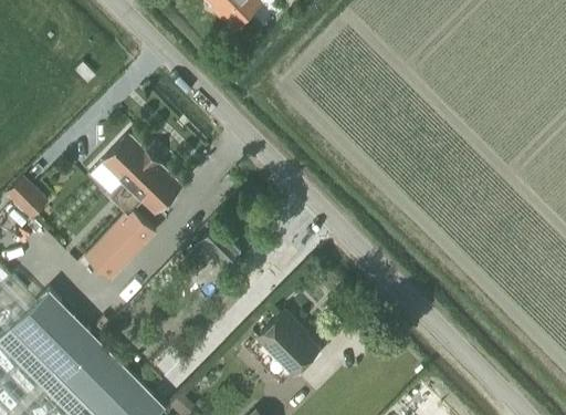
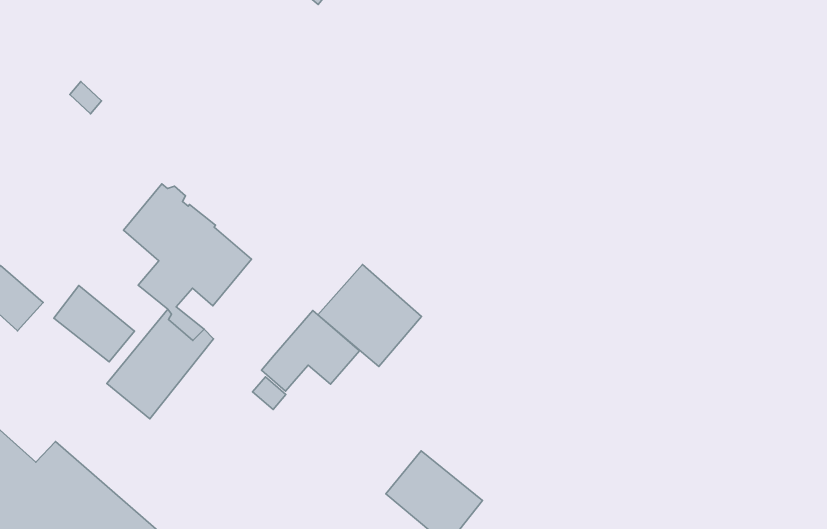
building: none -> [54,285,134,362]
building: none -> [318,265,422,366]

